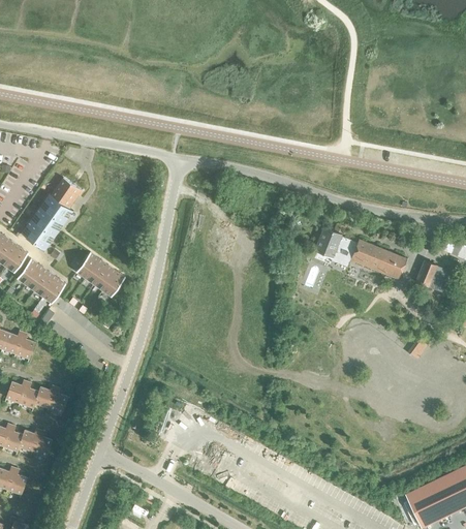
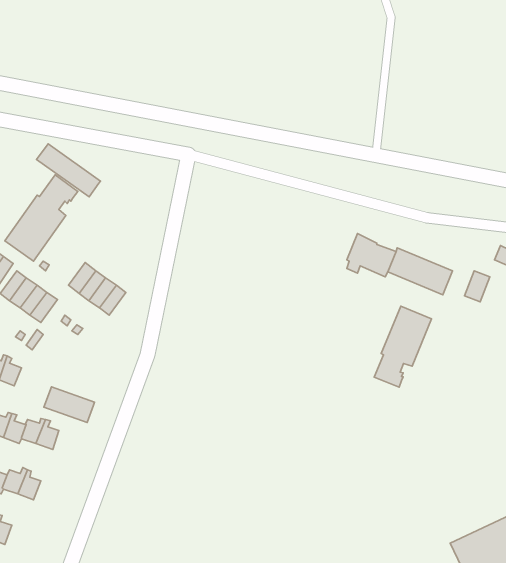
building: none -> [37,144,101,197]
building: none -> [374,306,432,387]
building: none -> [44,387,95,423]

